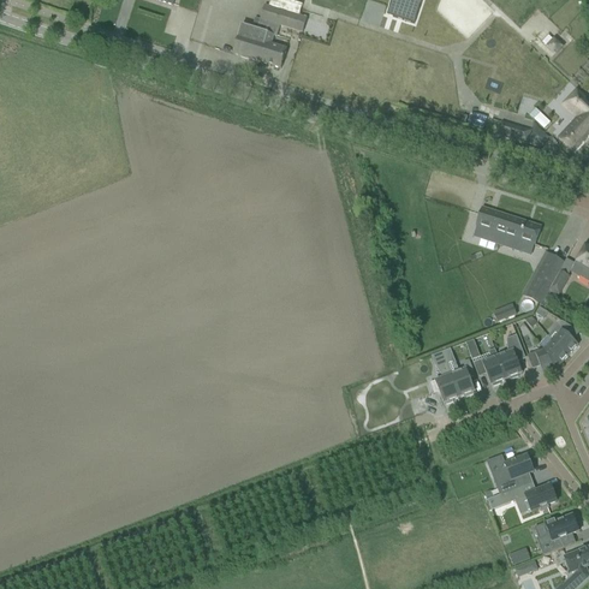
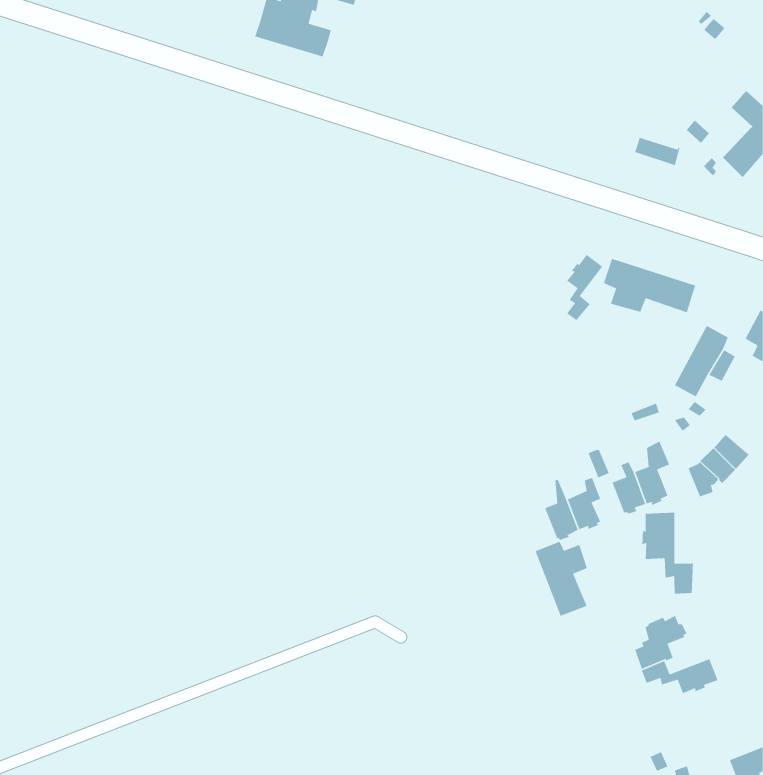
building: none -> [566,254,603,321]
building: none -> [641,512,694,595]
building: none -> [534,541,588,617]
building: [540,514,578,554] -> none

